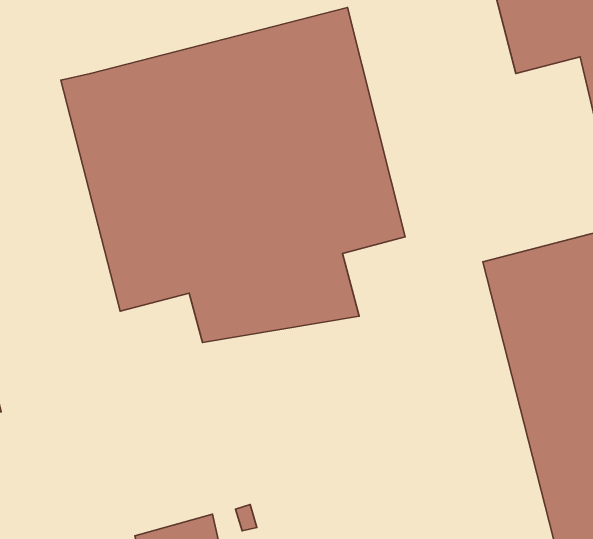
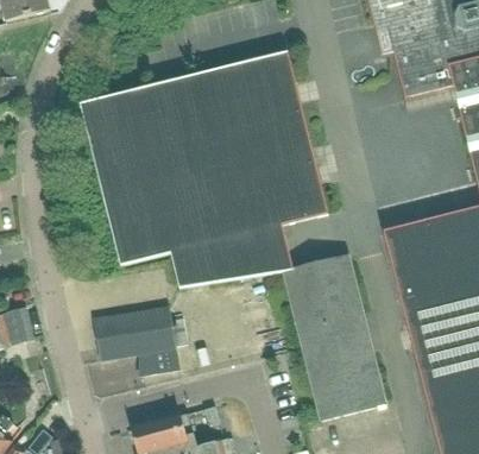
building: none -> [283,256,386,418]
building: none -> [93,307,189,374]

